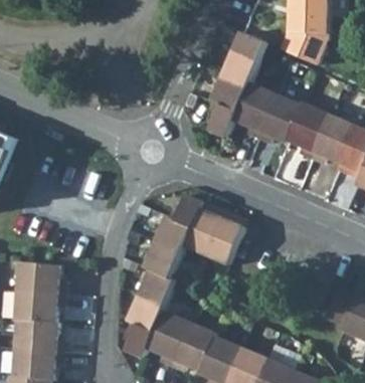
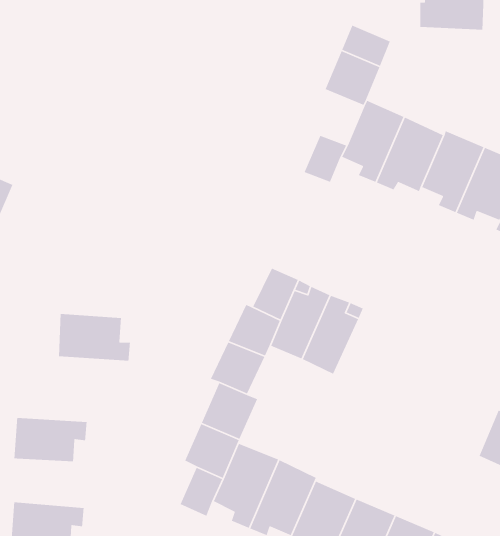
building: [279,33,326,64] -> none
building: [209,74,246,112] -> none
building: [15,263,63,296] -> [58,313,131,361]
building: [13,321,61,353] -> none

